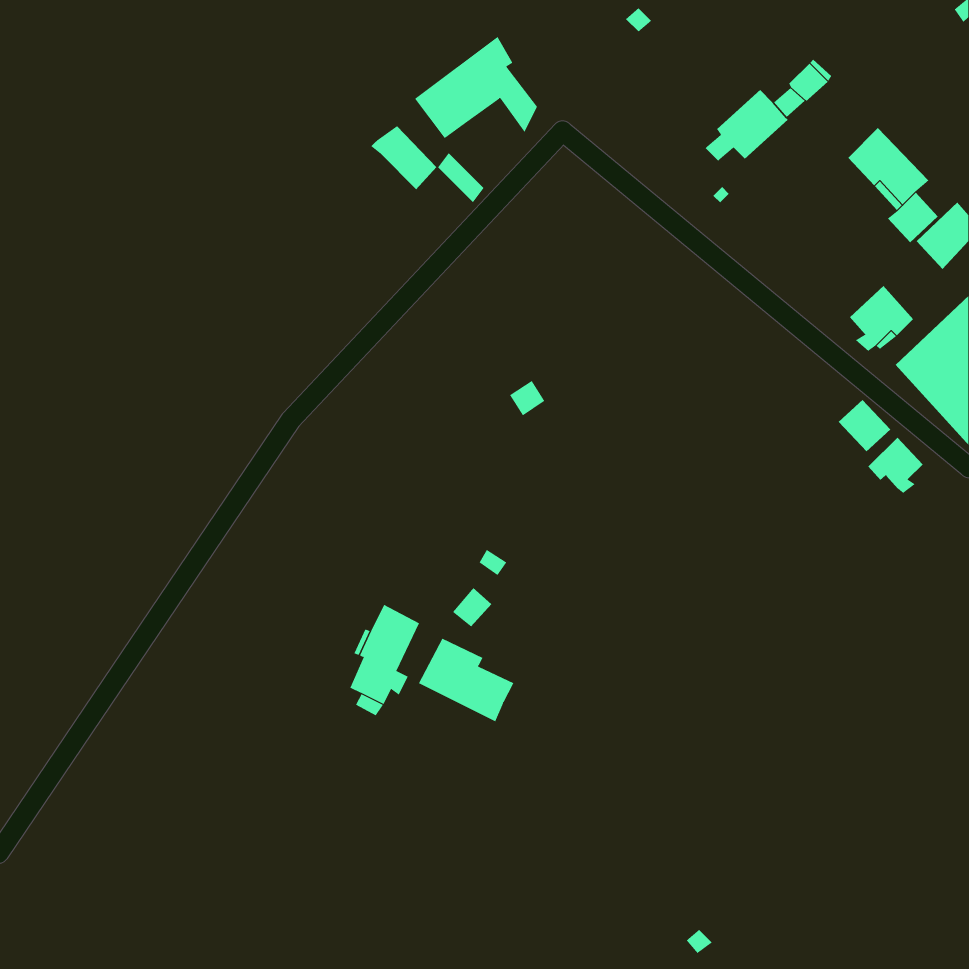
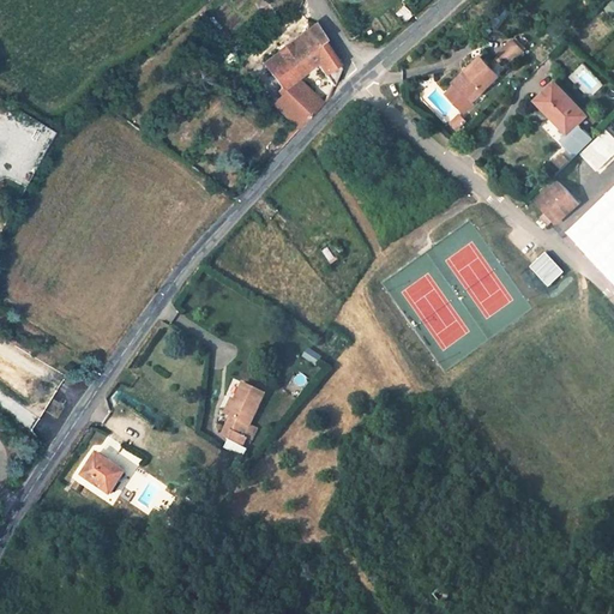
building: [370,125,437,190] -> [277,78,319,119]
building: [868,437,923,494] -> none
building: [418,638,514,722] -> none
building: none -> [82,452,124,492]

